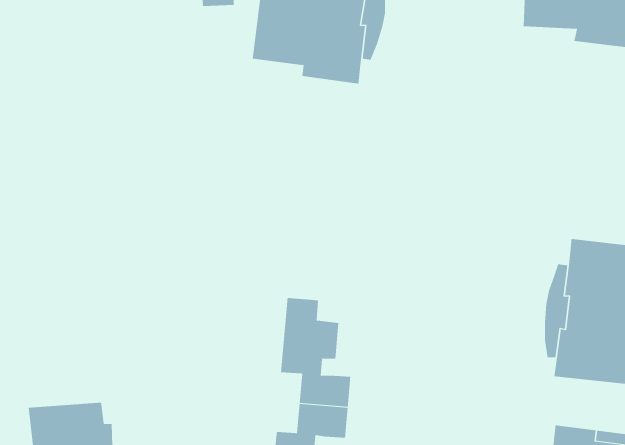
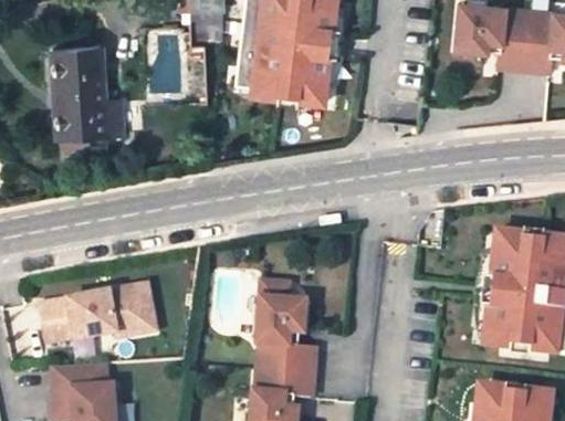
building: none -> [52,45,122,139]
building: none -> [41,281,164,349]

